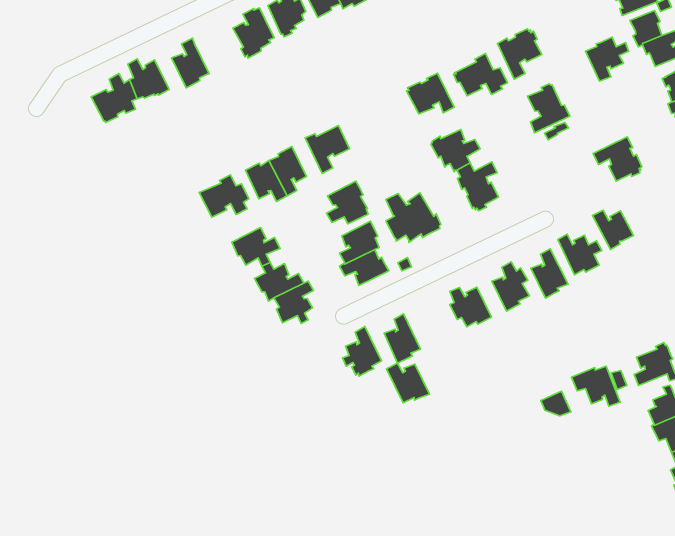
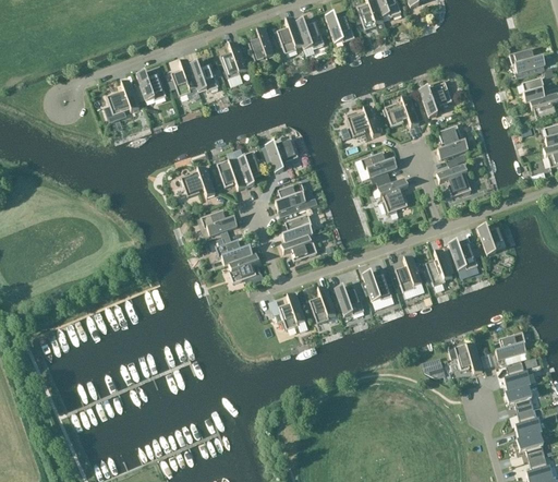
building: [586,37,629,81] -> none
building: none -> [189,60,220,92]
building: [593,137,642,181] -> [436,164,472,196]
building: [386,193,441,242] -> none
building: [387,363,430,403] -> [333,285,364,315]

